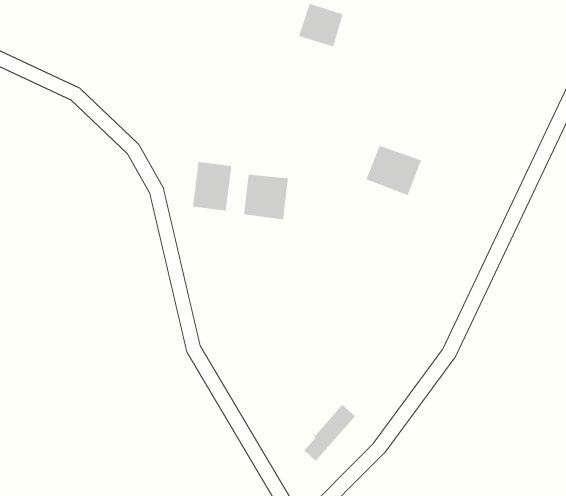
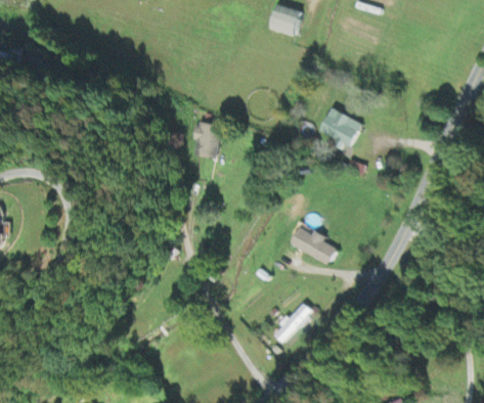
building: [244,174,289,220] -> none
building: none -> [290,227,336,263]

